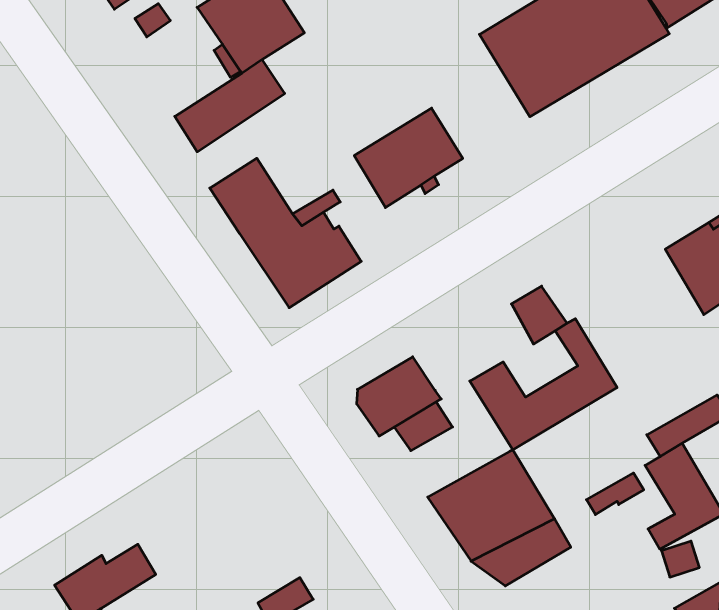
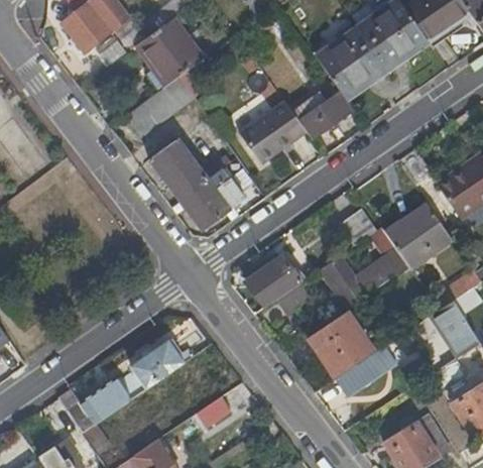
building: none -> [294,92,353,137]
building: none -> [386,204,453,267]
building: none -> [129,340,183,387]

